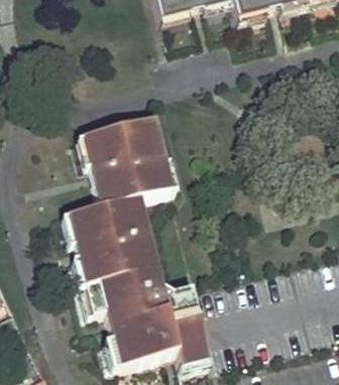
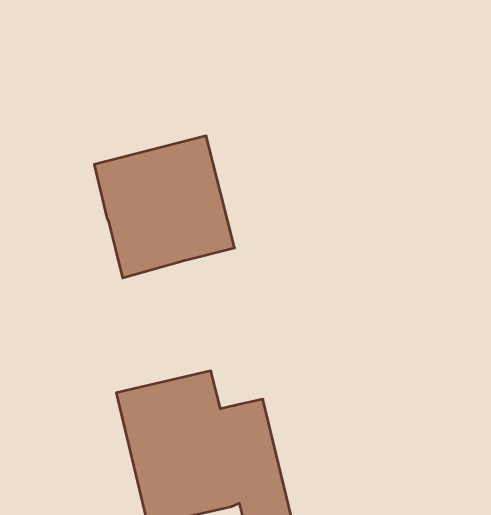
building: [68,195,157,283] -> none

